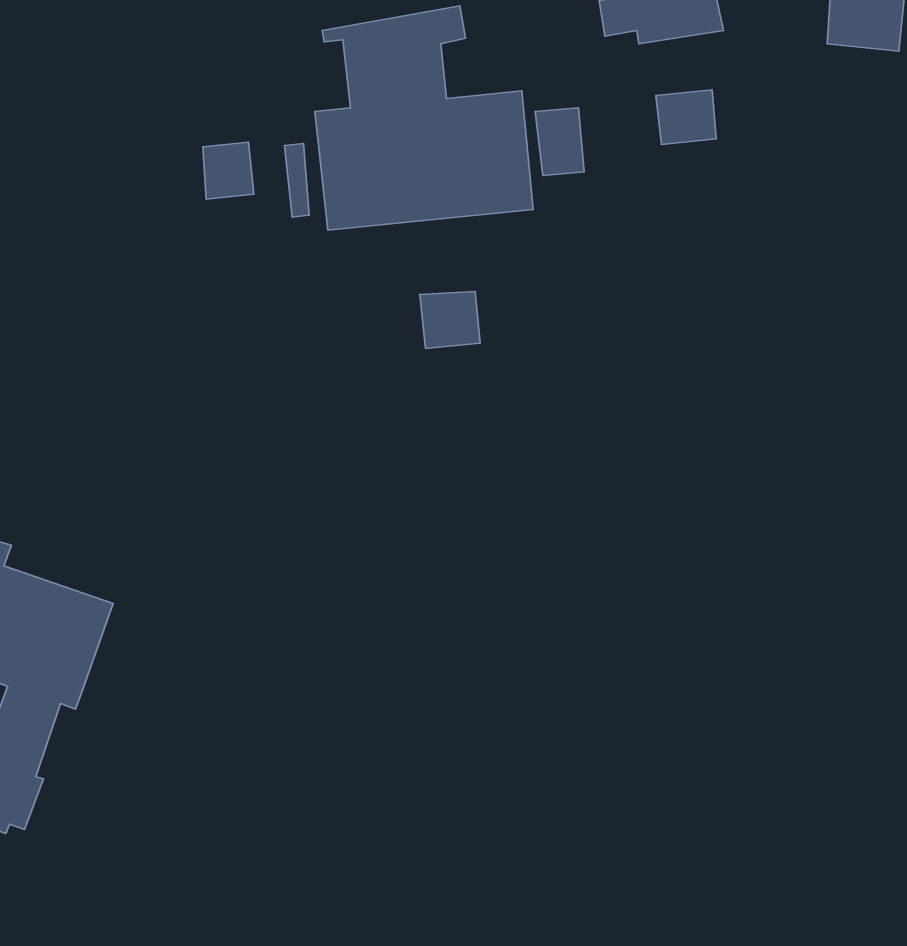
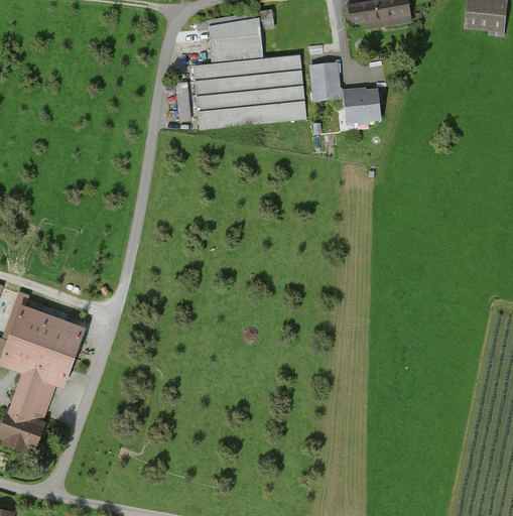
building: [656,90,716,144] -> [345,92,377,121]
building: [203,142,254,199] -> none
building: [420,291,480,349] -> none

